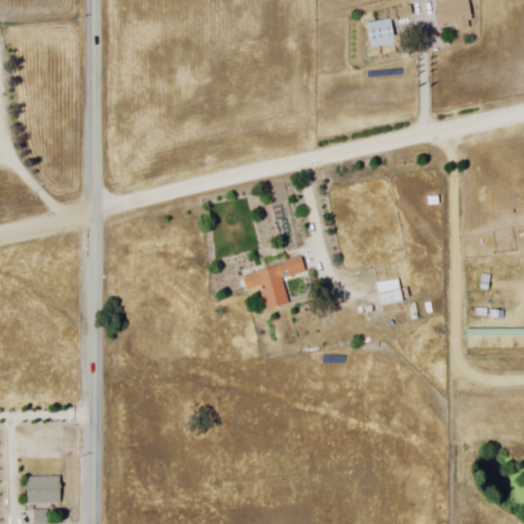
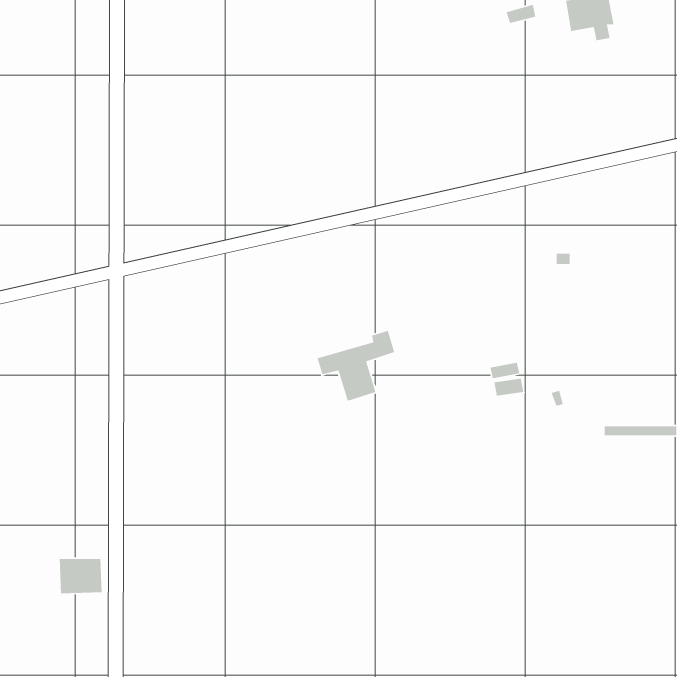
building: [366,17,395,49] -> none
building: [27,476,60,504] -> [59,558,103,594]

